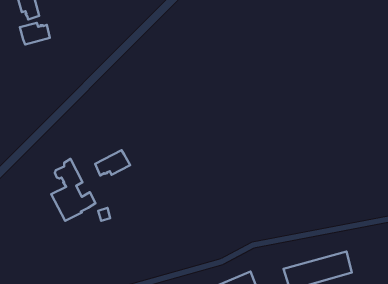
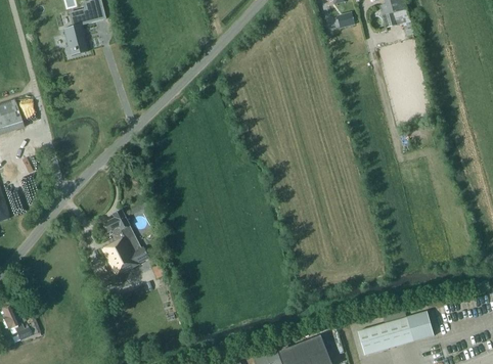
building: [20,23,50,44] -> none
building: [95,150,130,175] -> none

